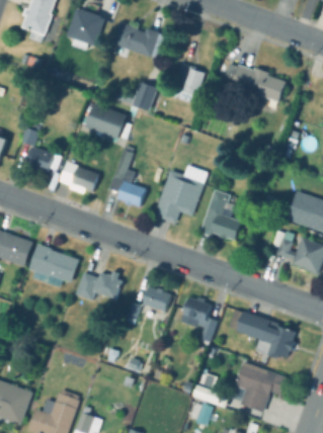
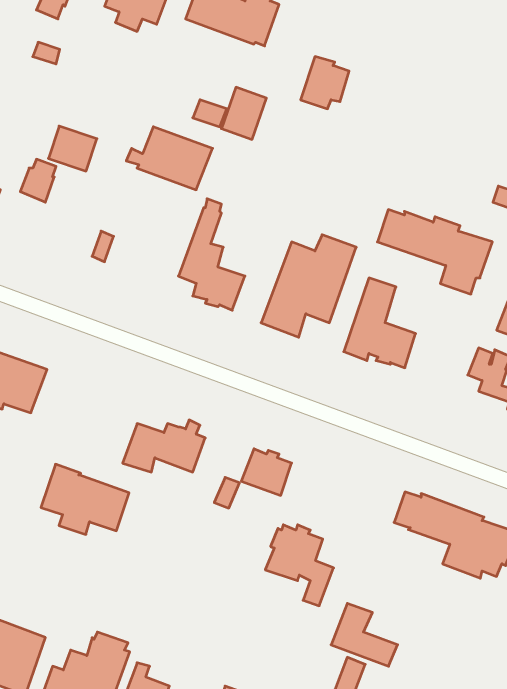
building: [222,64,287,111] -> [377,210,492,294]
building: [24,148,52,173] -> [48,126,97,171]
building: [69,167,98,192] -> none
building: [29,243,79,282] -> [41,464,129,534]
building: [179,295,218,341] -> [265,525,334,606]
building: [236,361,287,412] -> none

